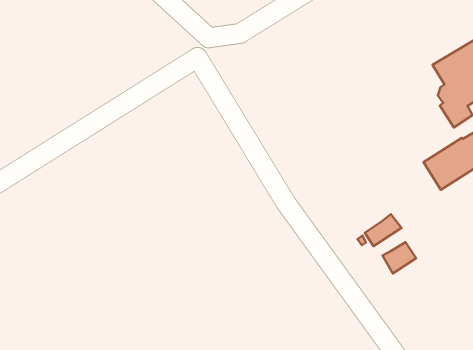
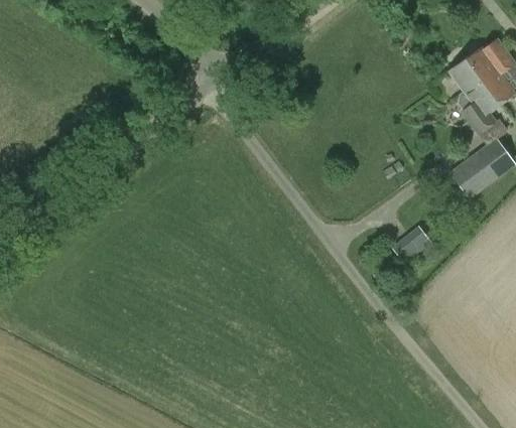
building: [382,242,416,274] -> none

